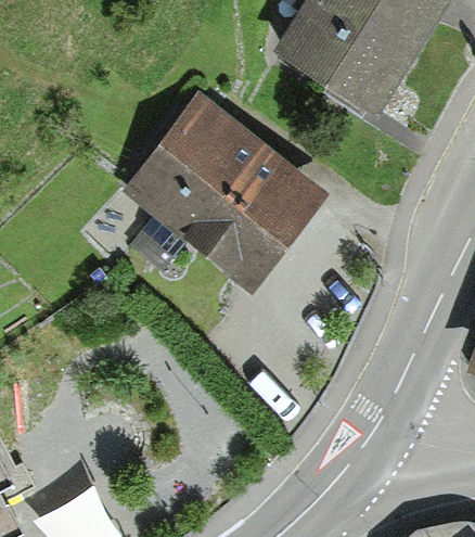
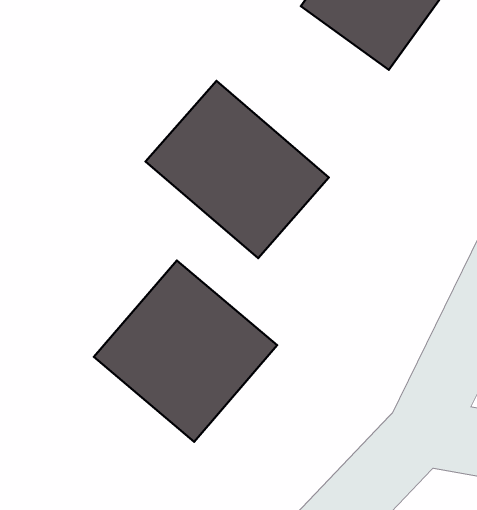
building: none -> [94,260,277,442]

